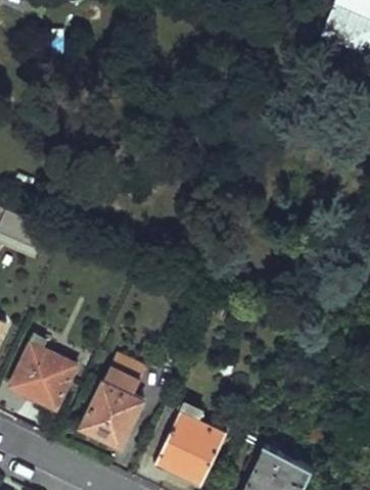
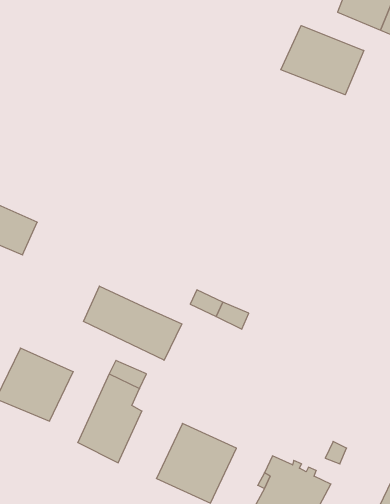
building: none -> [281,26,364,95]
building: none -> [83,286,182,360]

